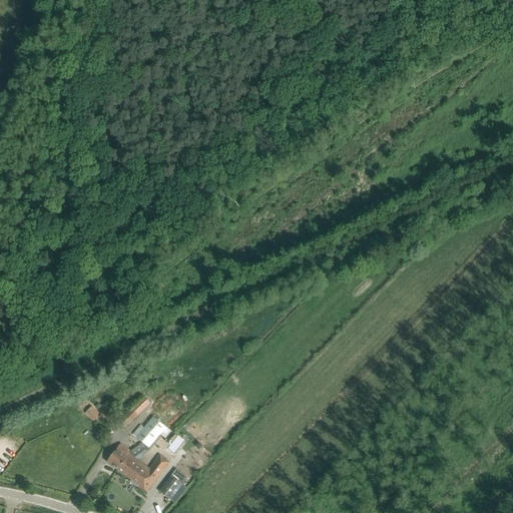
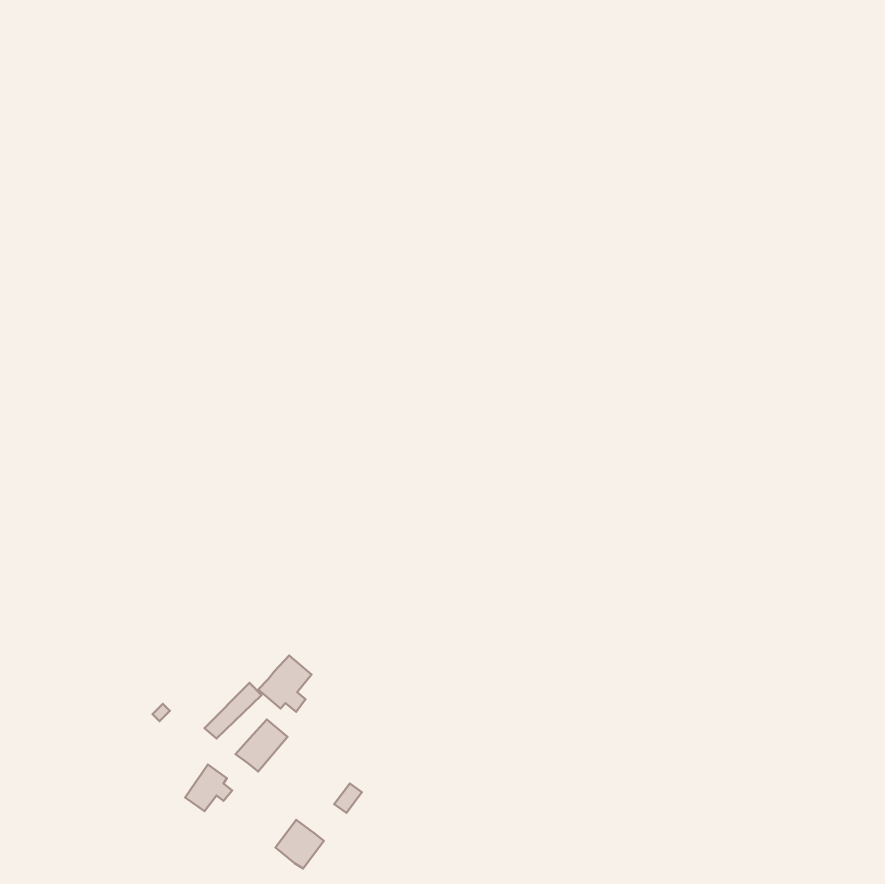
building: none -> [258,655,311,712]
building: [118,456,167,490] -> none

